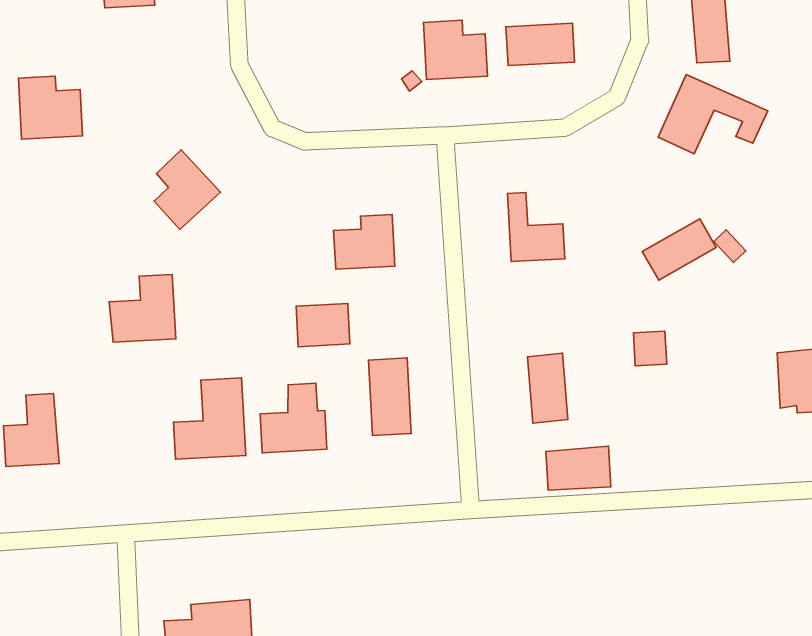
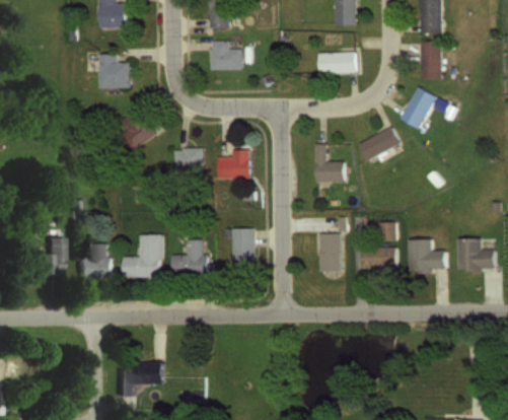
building: [423,20,487,80] -> [207,40,240,71]
building: [18,76,83,139] -> [97,56,131,89]
building: [642,219,716,280] -> [358,126,398,158]
building: [109,274,176,342] -> [75,246,111,281]
building: [296,303,350,347] -> [175,149,204,171]
building: none -> [409,239,444,273]
building: [546,446,611,490] -> [360,247,394,269]

